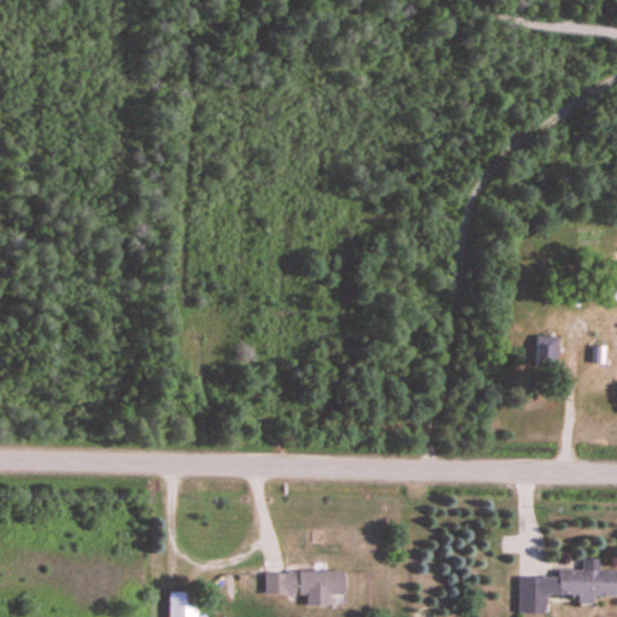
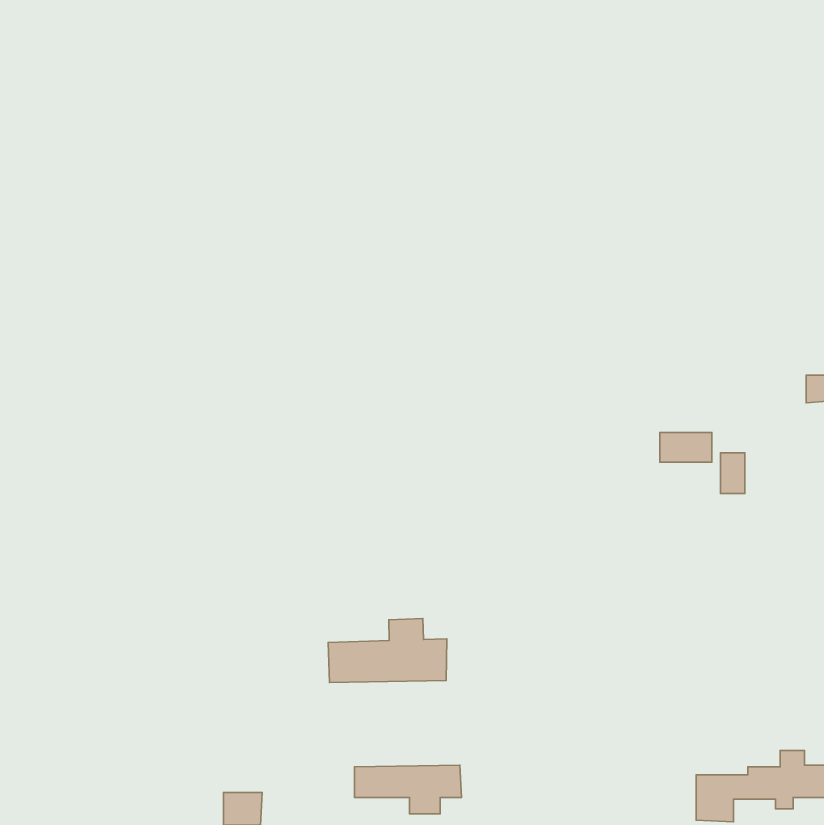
building: none -> [660,433,712,462]
building: none -> [328,619,447,682]

